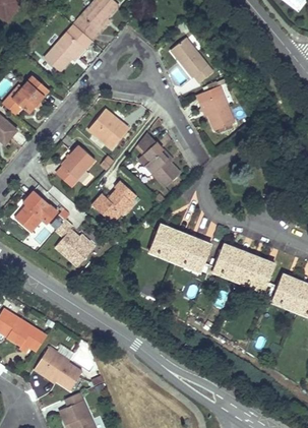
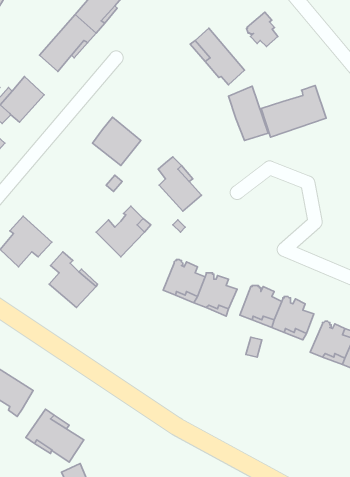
building: none -> [247,12,278,47]
building: none -> [261,85,326,137]
building: [61,143,95,178] -> none

